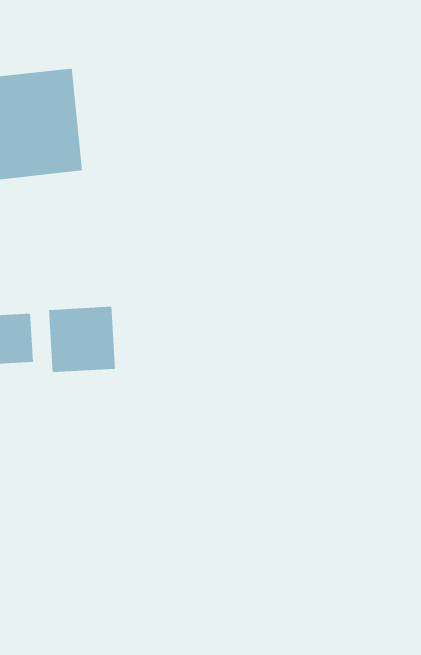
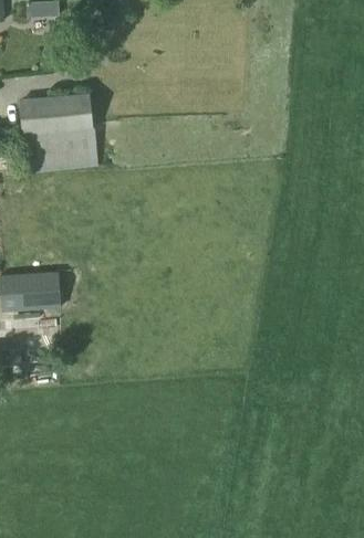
building: [49,306,116,373] -> none

